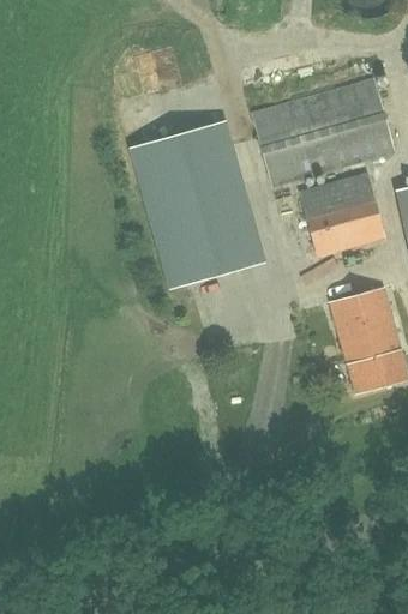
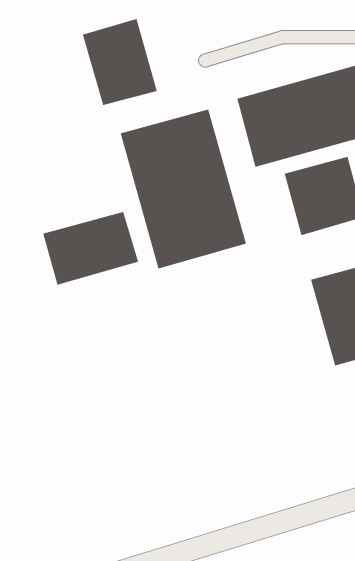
building: none -> [82,18,157,106]
building: none -> [43,211,139,285]

